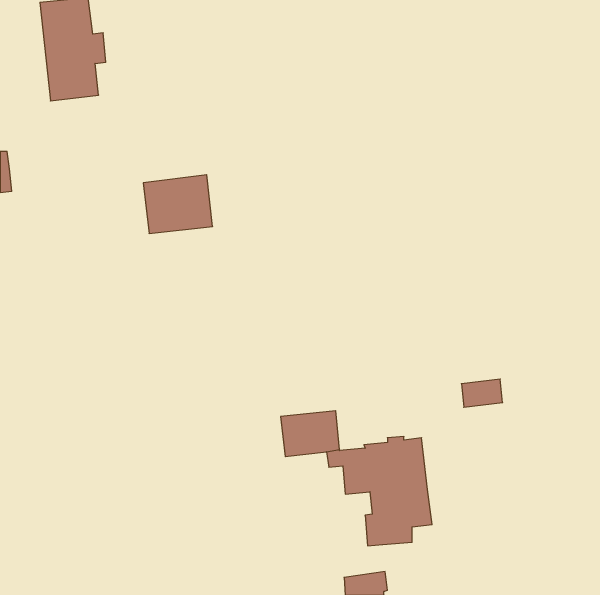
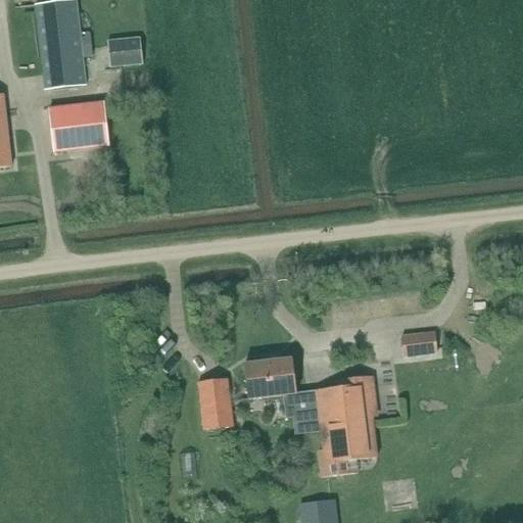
building: none -> [107,35,143,65]
building: [143,175,213,233] -> [49,99,109,150]
building: none -> [197,377,234,429]

